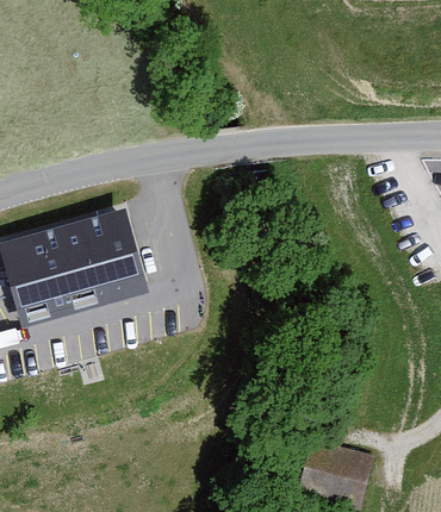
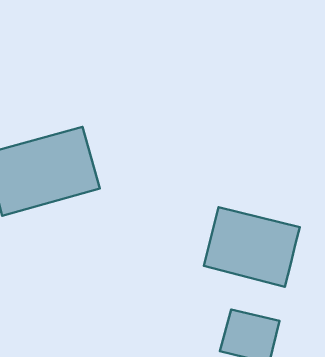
building: none -> [204,207,300,287]

